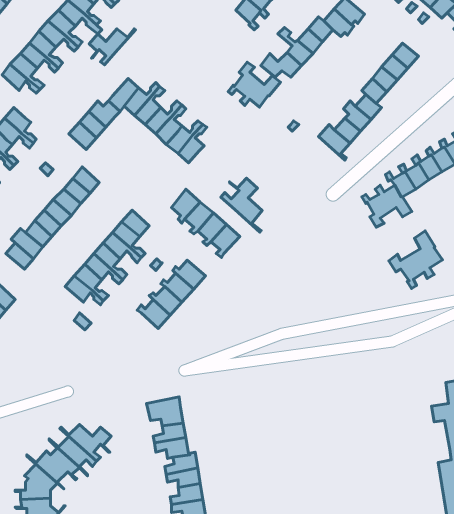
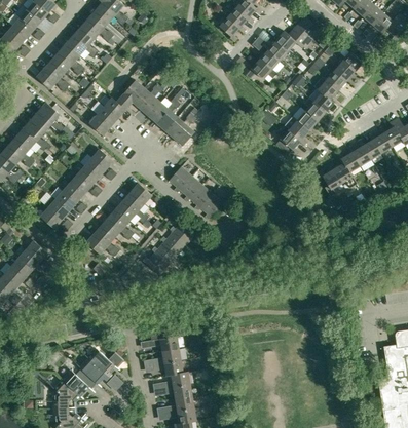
building: [89,29,135,65] -> none
building: [228,62,281,107] -> none
building: none -> [276,125,305,155]
building: [221,178,262,232] -> none
building: [389,231,443,289] -> none

